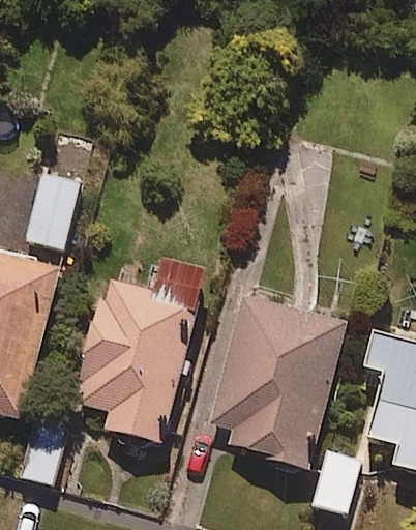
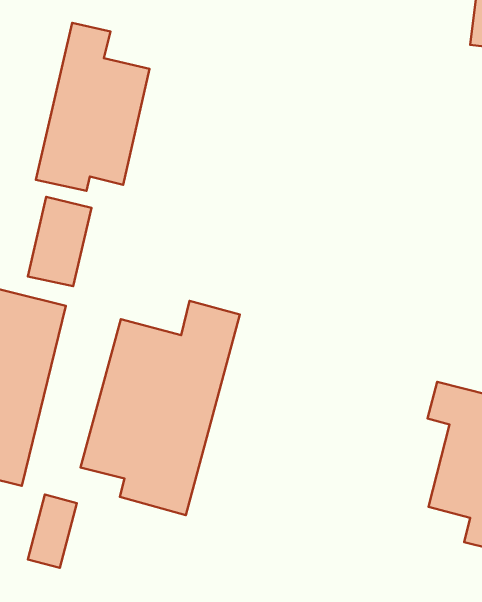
building: none -> [36,23,149,191]
building: [205,295,347,471] -> none

